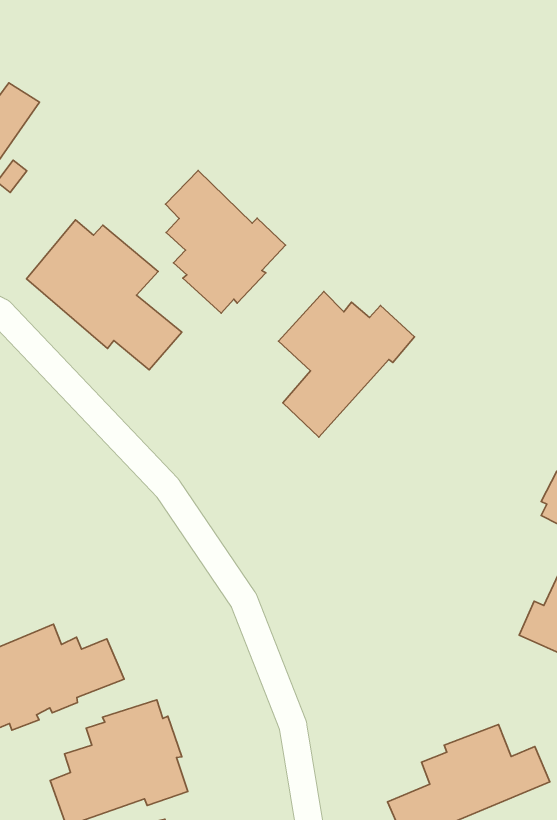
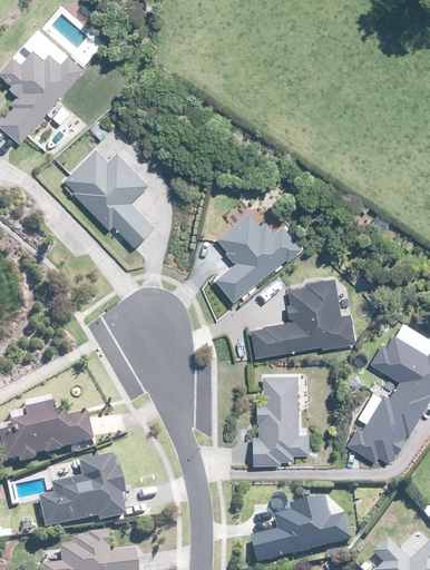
building: [165,170,286,313] -> none
building: none -> [248,277,355,357]
building: none -> [254,376,309,465]

